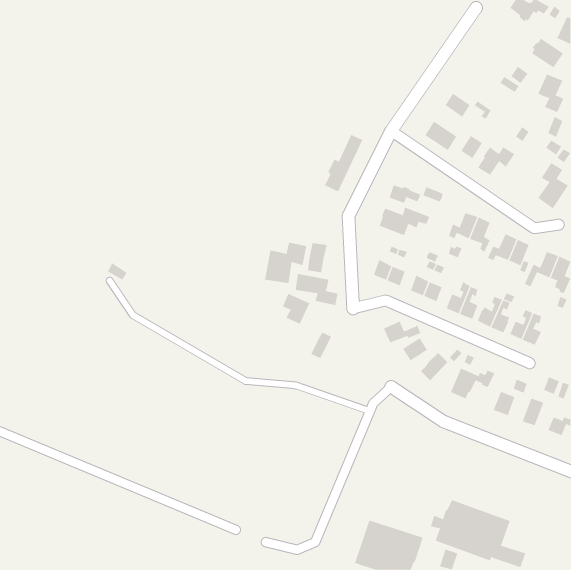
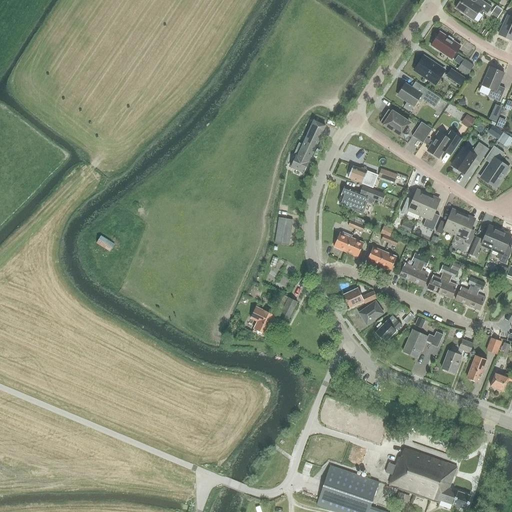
building: [531,38,564,68] -> [431,31,460,58]
building: none -> [414,56,444,83]
building: none -> [451,141,489,173]
building: [265,242,307,284] -> none
building: [295,273,338,306] -> none
building: [282,293,310,325] -> [250,306,275,334]

